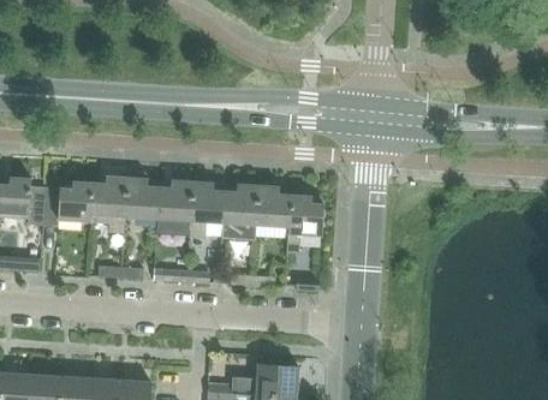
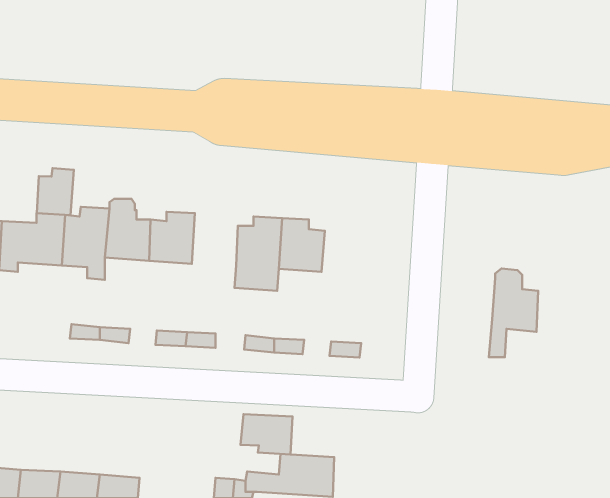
building: none -> [37,168,74,215]
building: [189,183,225,239] -> none
building: [286,189,323,256] -> [489,269,538,357]
building: none -> [241,414,293,455]

